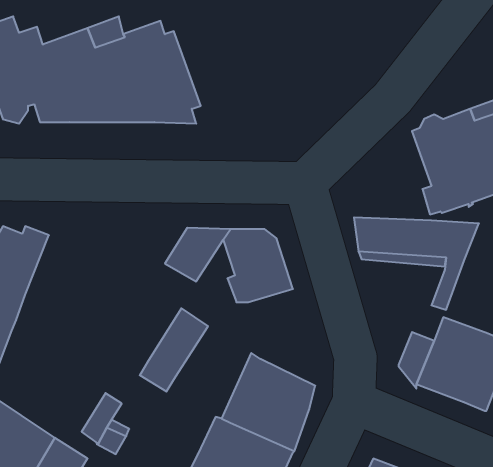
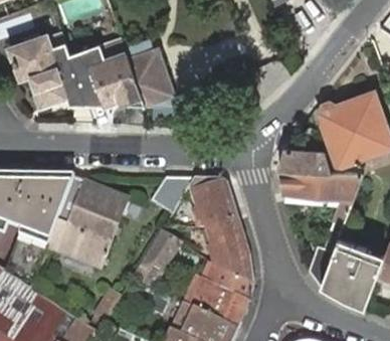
building: none -> [277,147,330,172]
building: none -> [46,181,127,268]
building: none -> [206,218,251,284]

